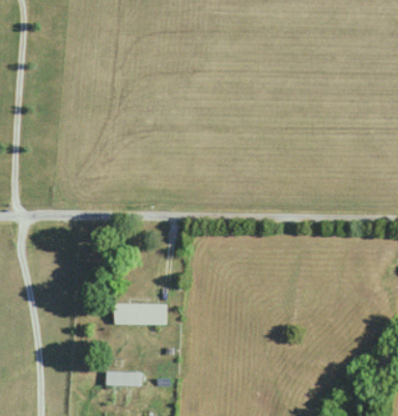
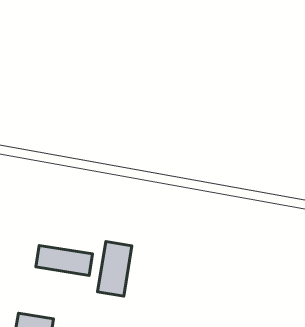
building: none -> [98,241,132,296]

